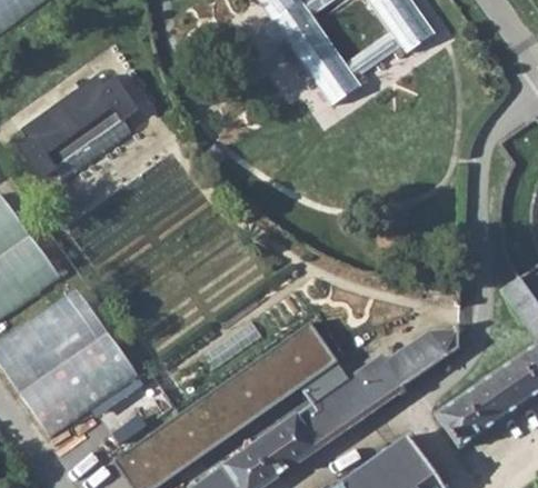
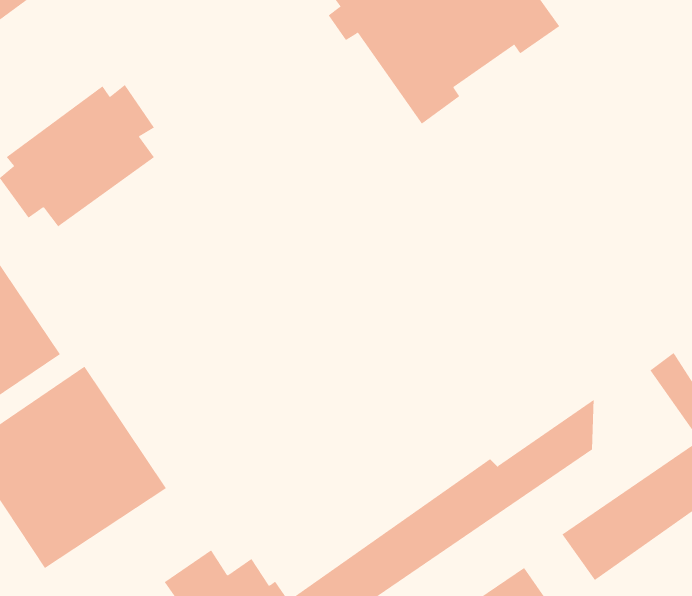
building: [173,326,340,449] -> none

